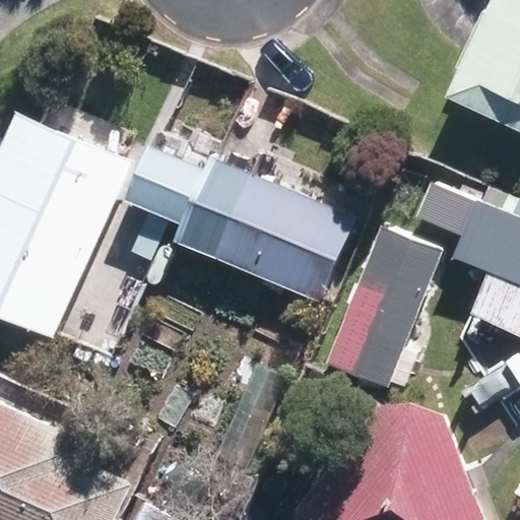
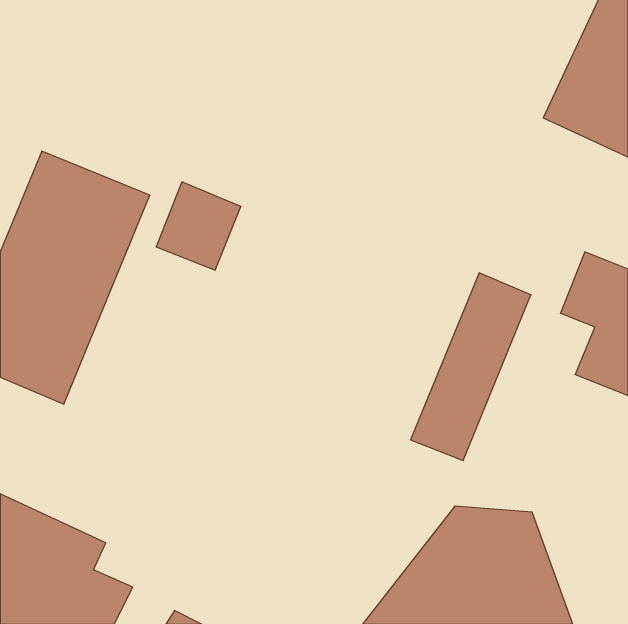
building: [176,162,351,301] -> none

